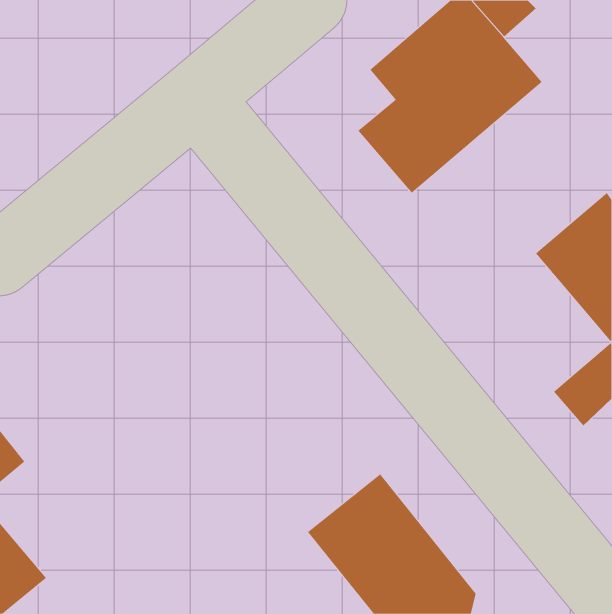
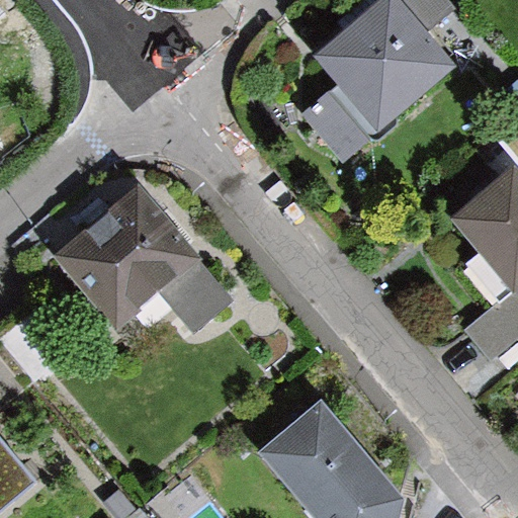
building: none -> [56,188,228,331]

